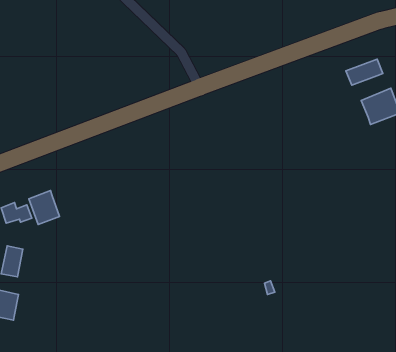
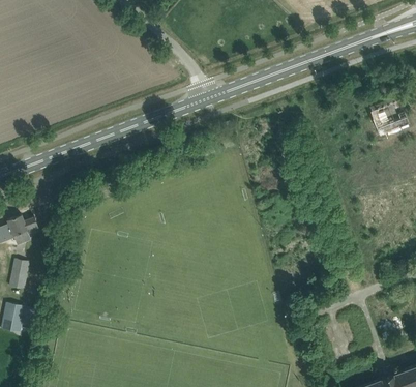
building: [346,59,383,85] -> none
building: [29,191,60,224] -> none

